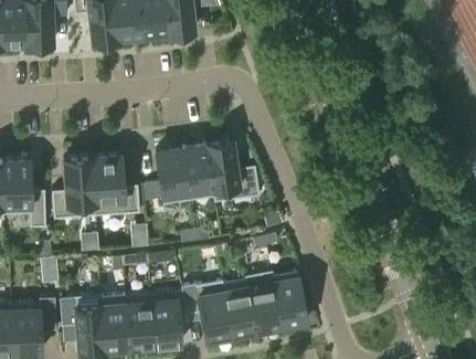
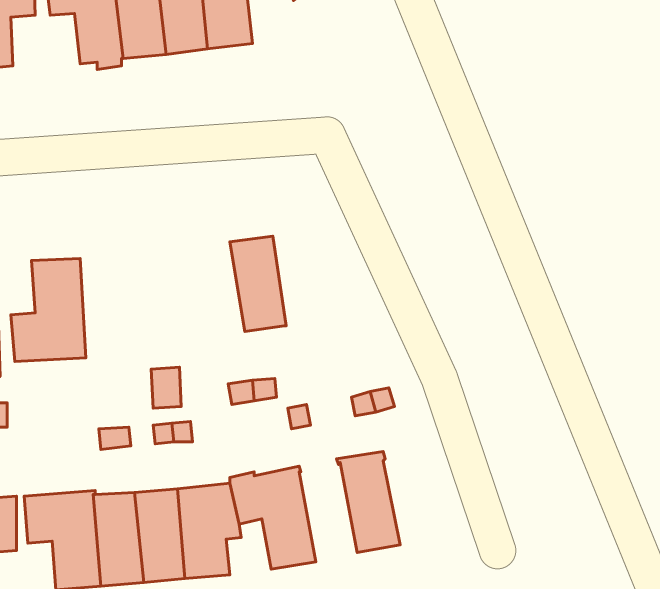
building: [207,140,260,203] -> none
building: [156,148,190,205] -> none
building: [93,156,139,217] -> none
building: [272,272,307,327] -> none
building: [222,278,256,337] -> none

